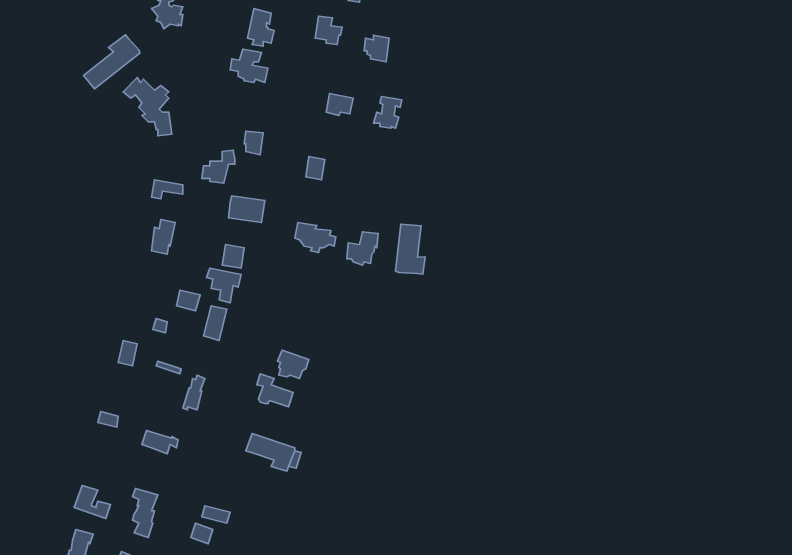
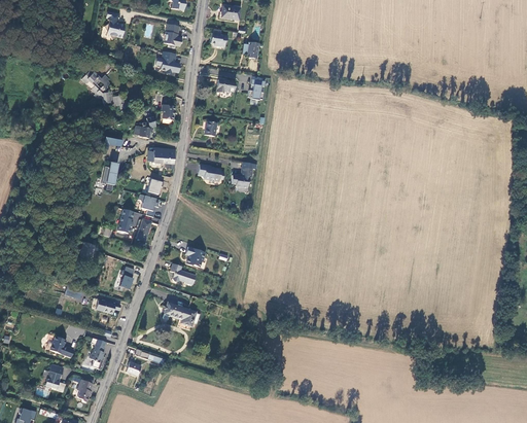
building: [83,35,140,89] -> none
building: [396,224,425,274] -> none

